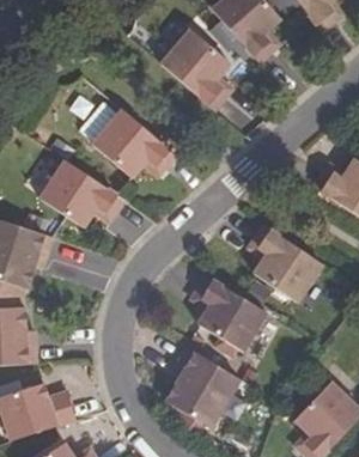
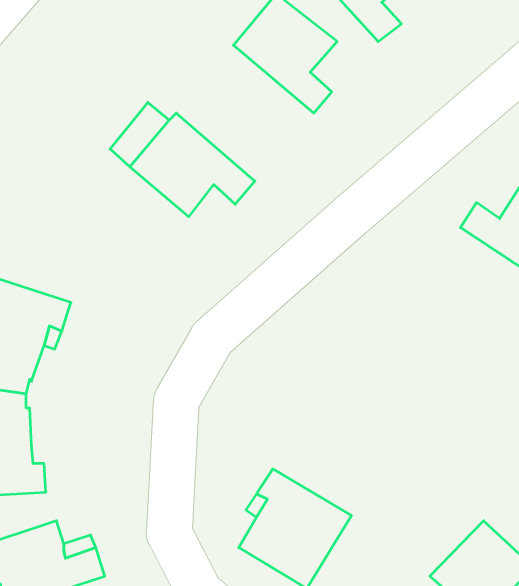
building: [41,162,124,228] -> none
building: [252,225,322,303] -> none
building: [195,275,266,352] -> none

